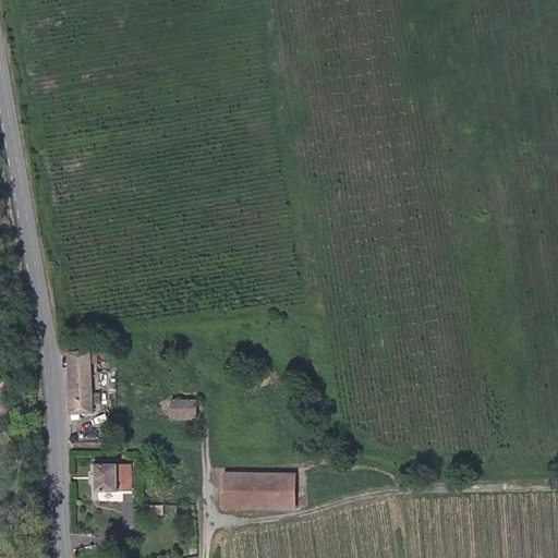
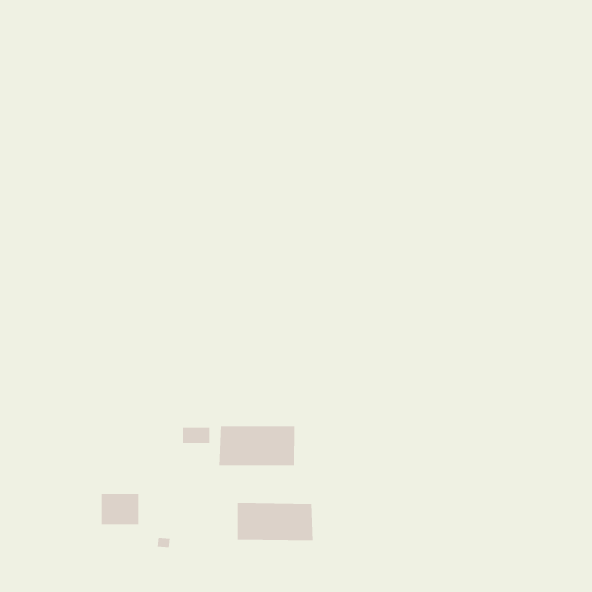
building: [68,350,93,412] -> none
building: none -> [219,425,295,466]

